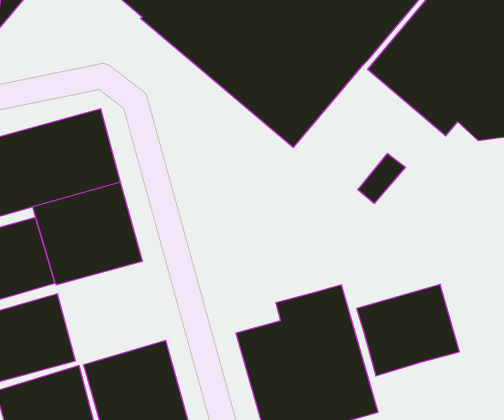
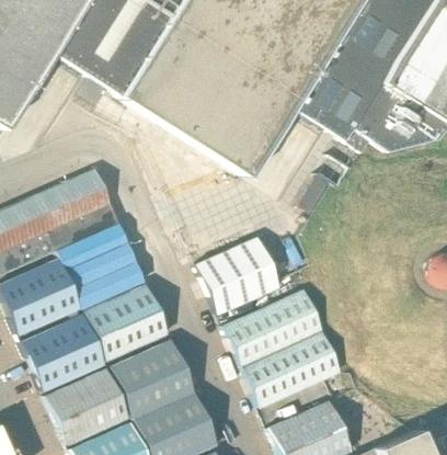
building: none -> [84,284,169,361]
building: [357,284,459,376] -> [197,237,280,314]

